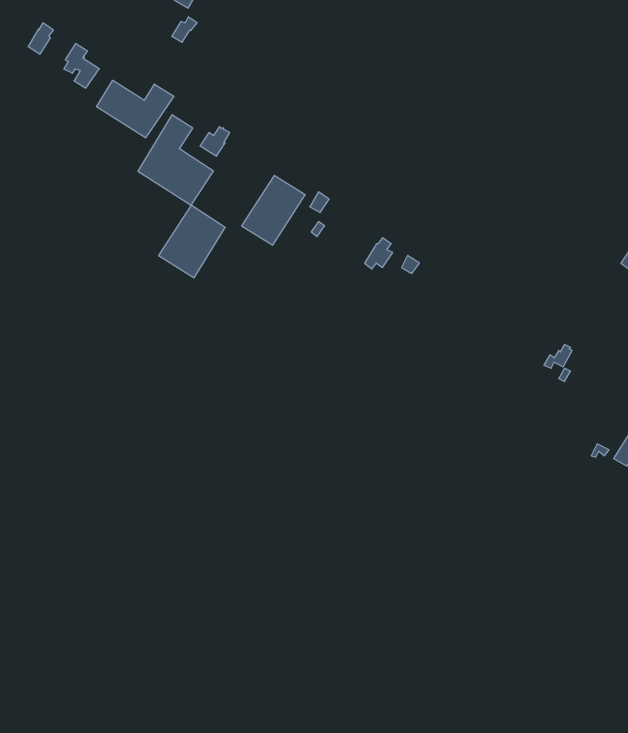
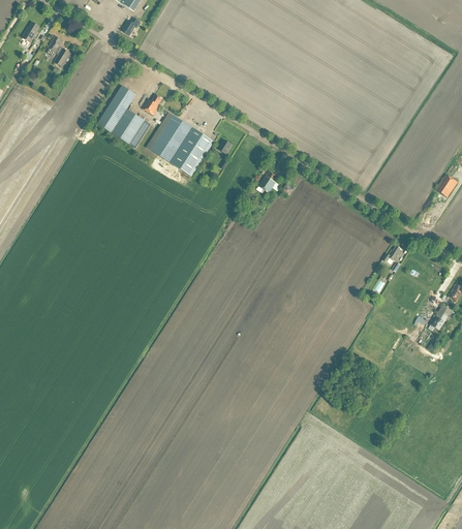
building: [96,80,174,138] -> none
building: [159,205,225,278] -> [145,112,191,162]

